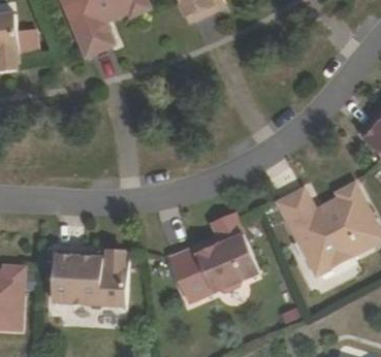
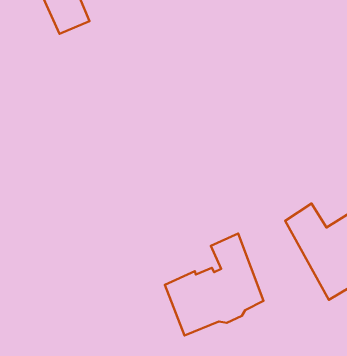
building: [63,252,142,309] -> none

